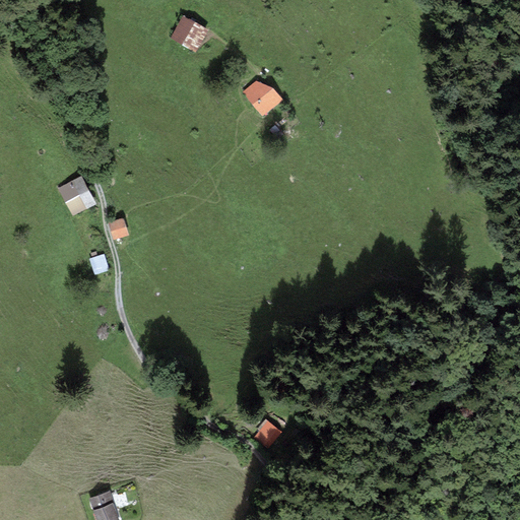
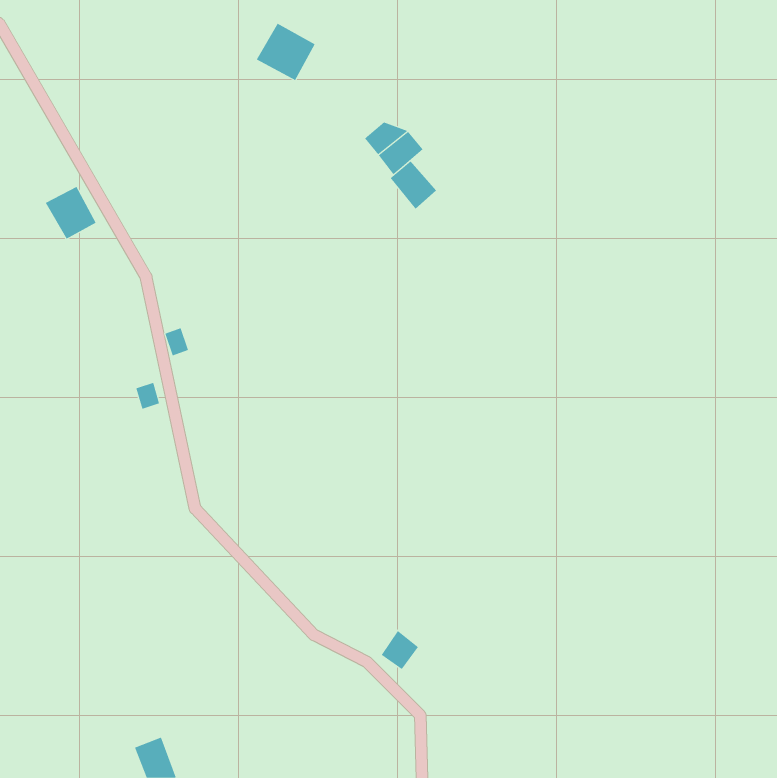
building: none -> [390,161,437,209]
building: [59,178,93,213] -> [45,186,97,239]

